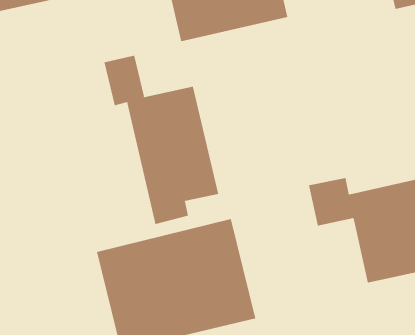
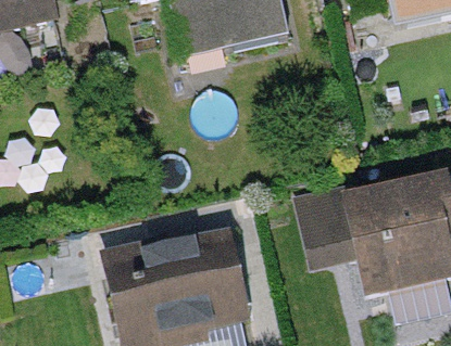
building: [104,55,219,225] -> none

